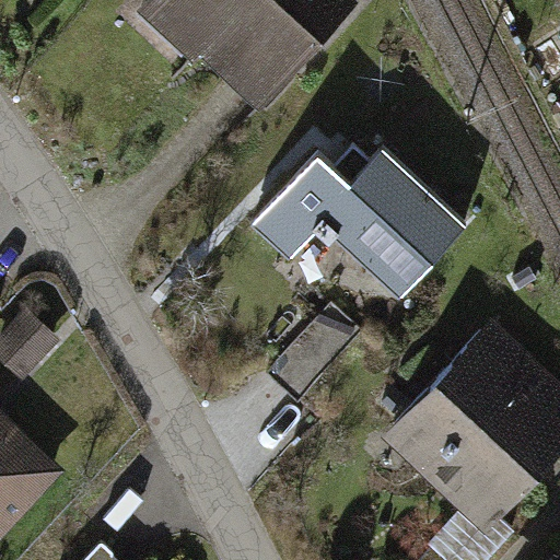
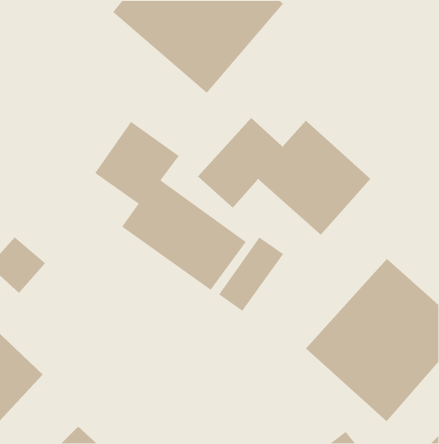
building: none -> [94,121,247,291]

